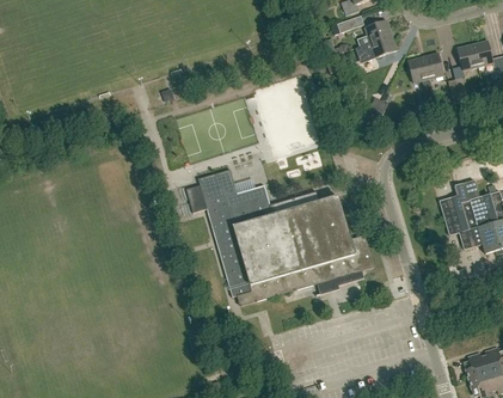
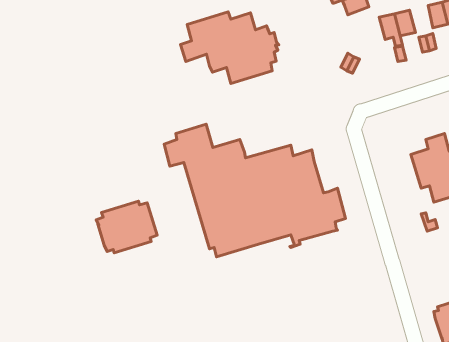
building: none -> [181,12,279,84]
building: none -> [96,201,157,253]

